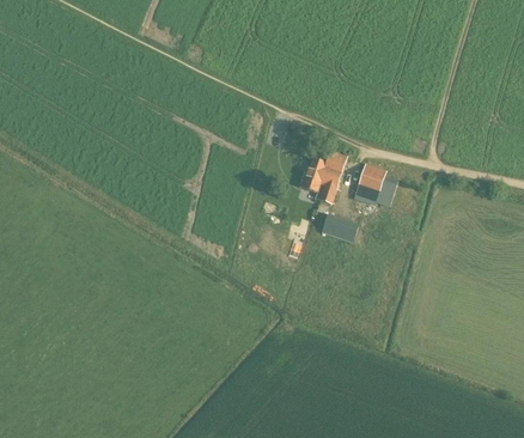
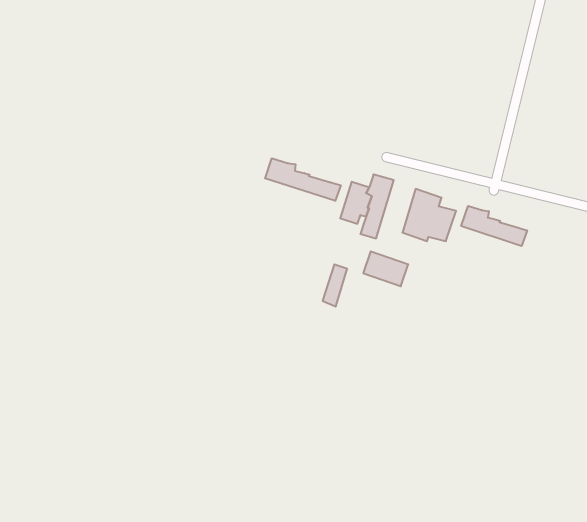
building: none -> [265,158,341,201]
building: none -> [461,206,527,246]

